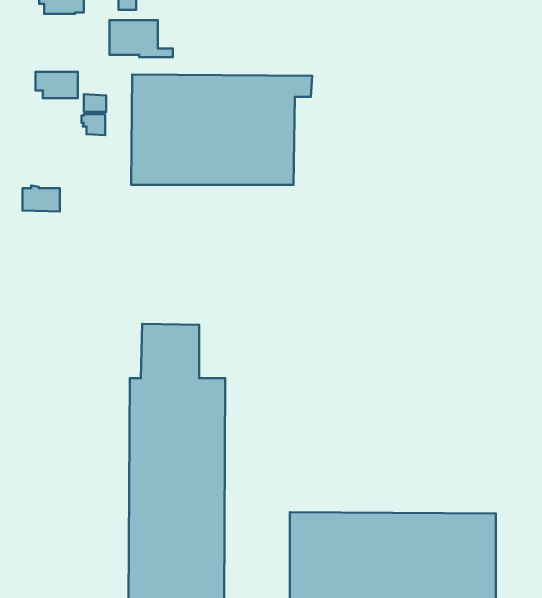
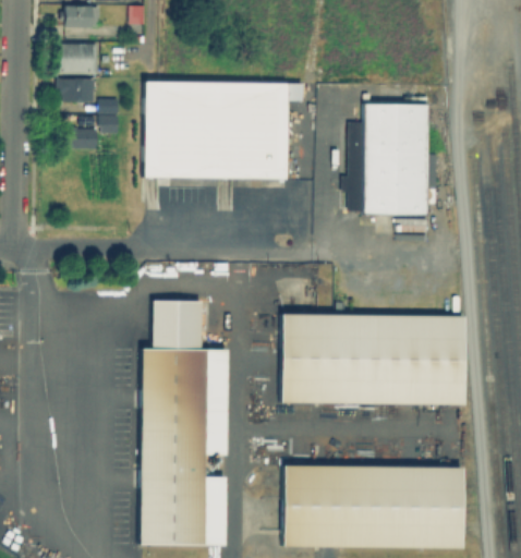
building: [109,20,173,57] -> [59,44,114,76]
building: none -> [343,101,427,217]
building: [23,186,60,212] -> [66,126,99,149]
building: none -> [281,315,467,403]

